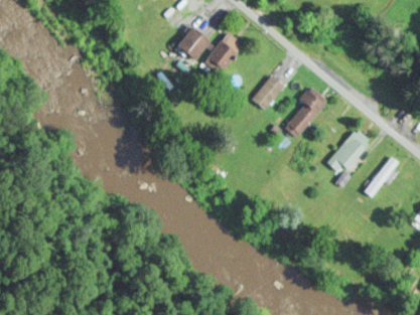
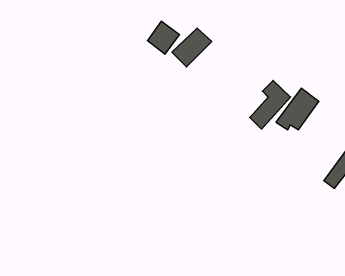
building: [251,76,284,110] -> none
building: [326,128,371,171] -> [276,88,319,130]

